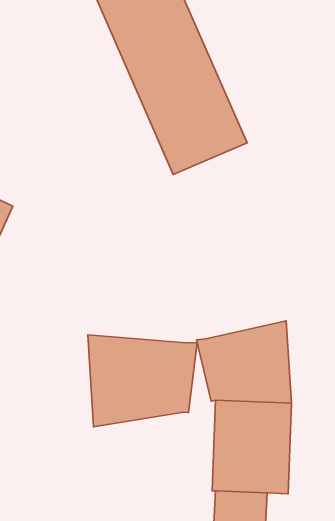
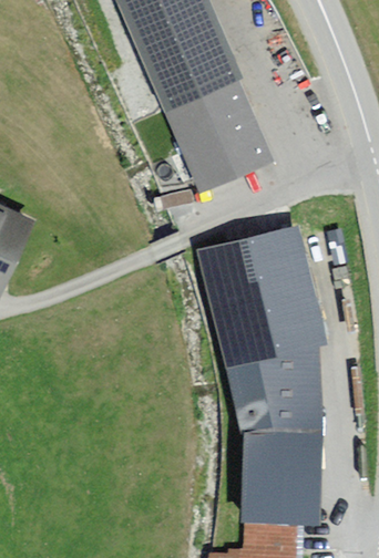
building: none -> [207,229,317,363]
building: [88,335,197,427] -> none

